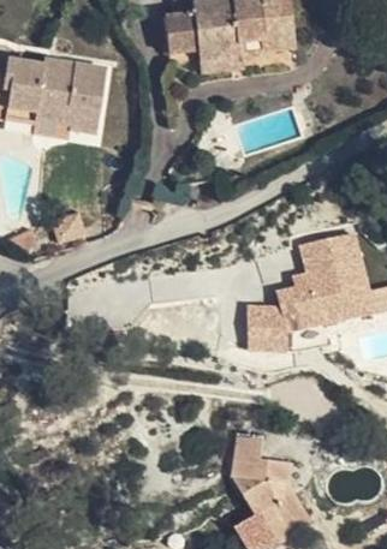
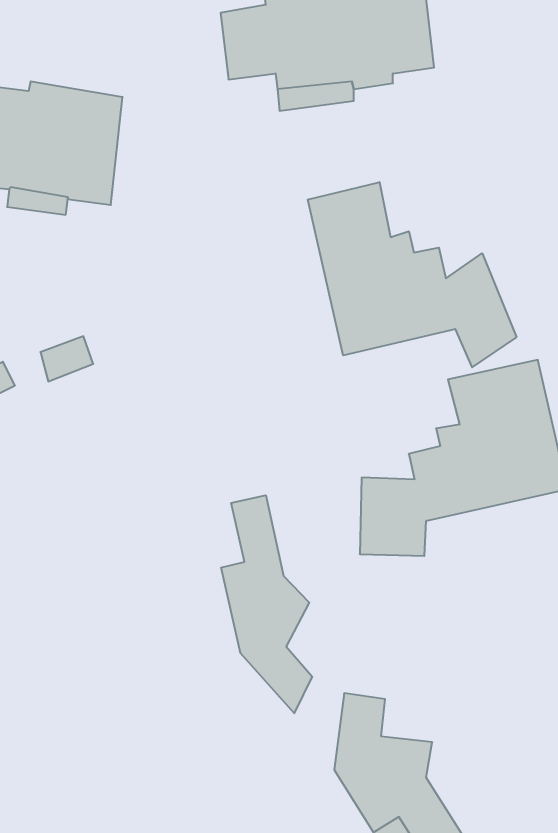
building: none -> [308,182,516,367]
building: none -> [221,495,312,713]

